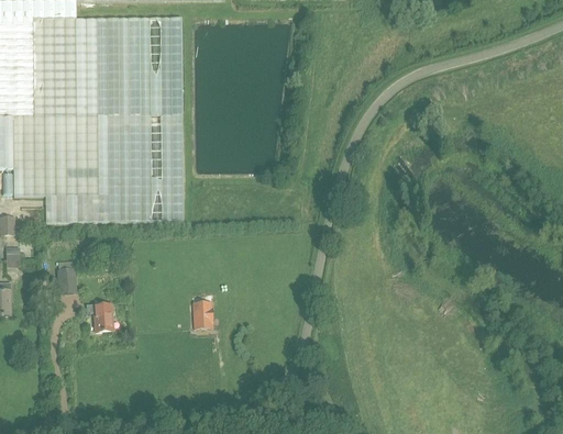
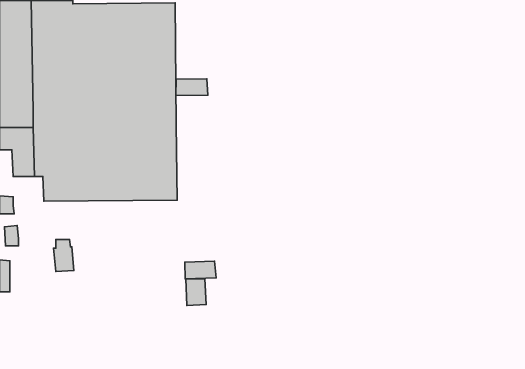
building: none -> [176,79,208,96]
building: none -> [185,261,216,279]
building: [87,303,113,332] -> none

